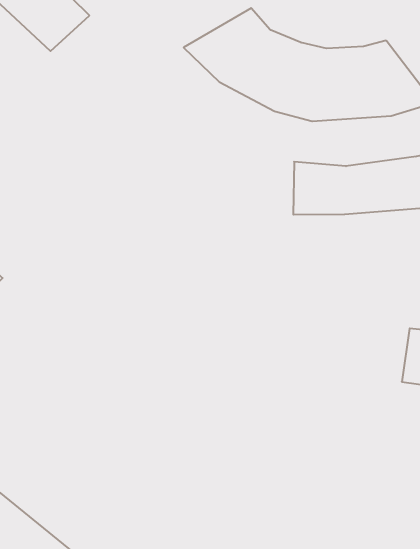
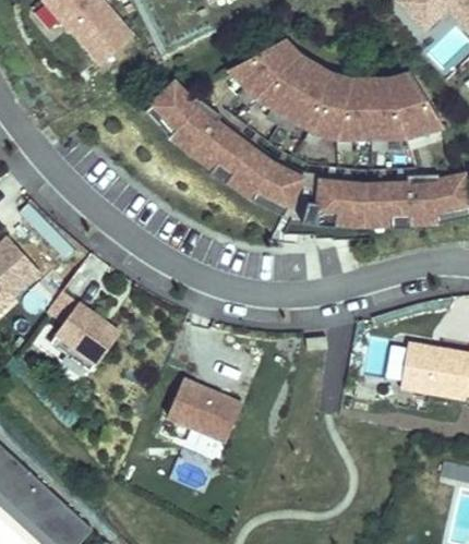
building: none -> [142,78,301,216]
building: none -> [55,295,122,360]
building: none -> [167,372,245,457]

